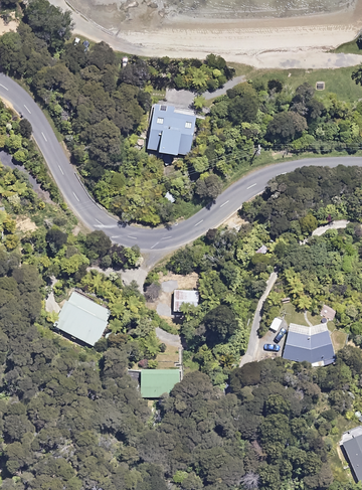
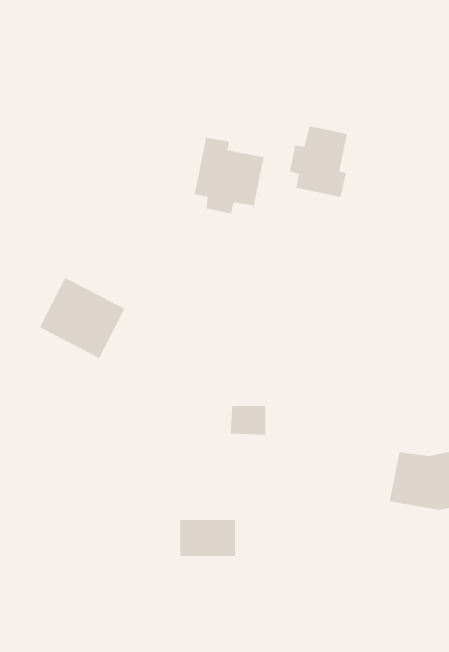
building: none -> [289,125,348,198]
building: [50,289,111,346] -> [39,277,125,359]

